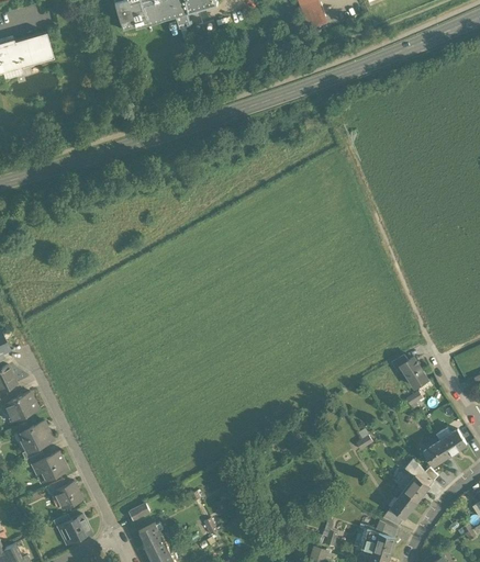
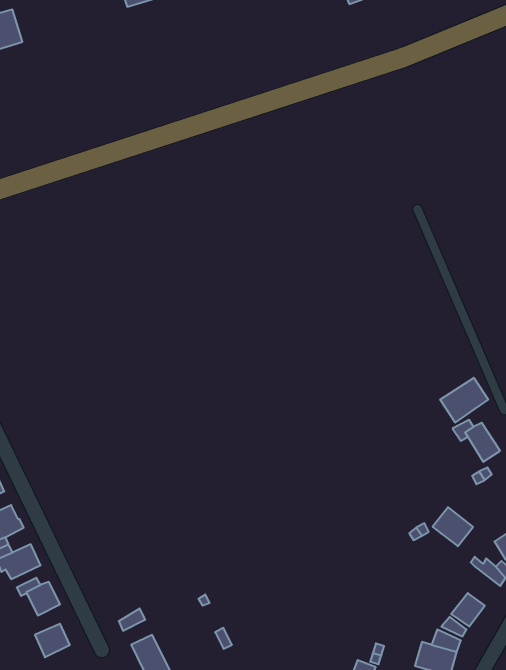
building: none -> [440,378,488,423]
building: [397,470,428,501] -> [433,507,473,546]

